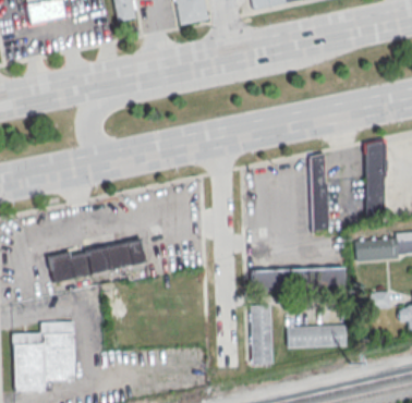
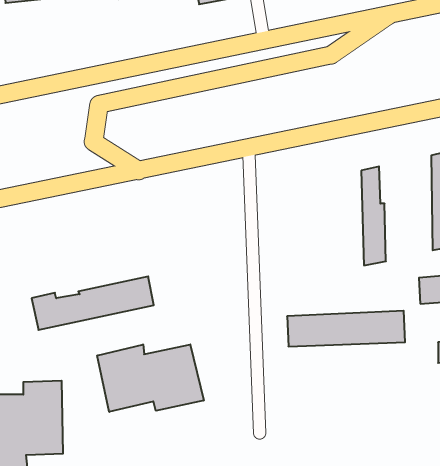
building: none -> [97,344,204,412]
building: [251,304,272,364] -> none
building: [287,325,347,347] -> none

